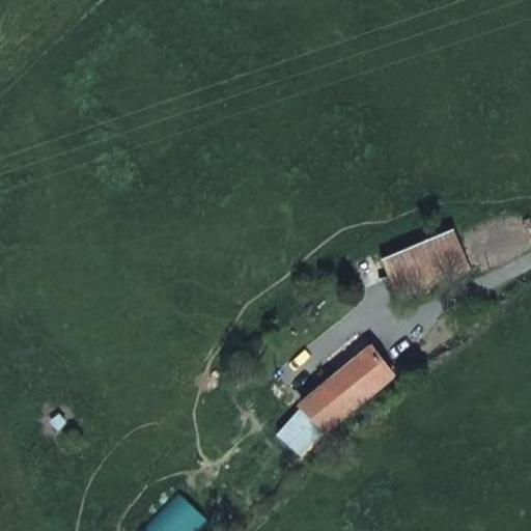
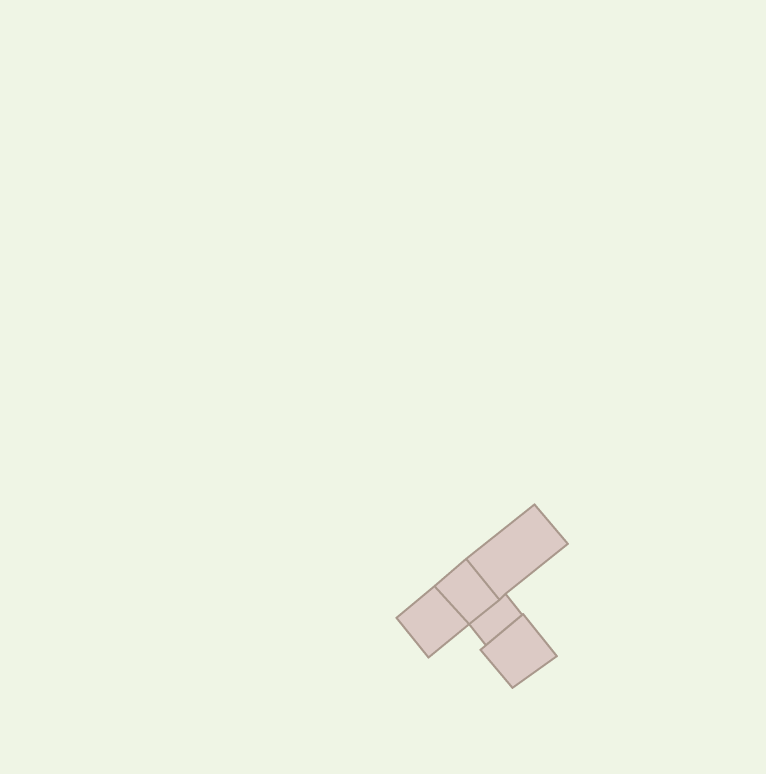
building: [382,228,469,297] -> none
building: none -> [480,614,557,688]

